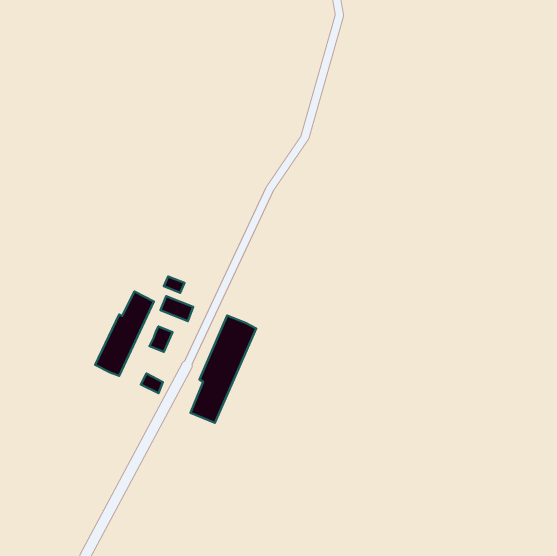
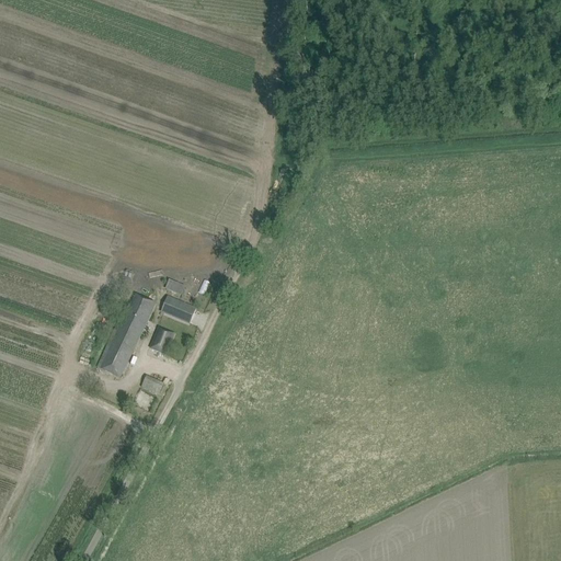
building: [190,315,256,423] -> none

